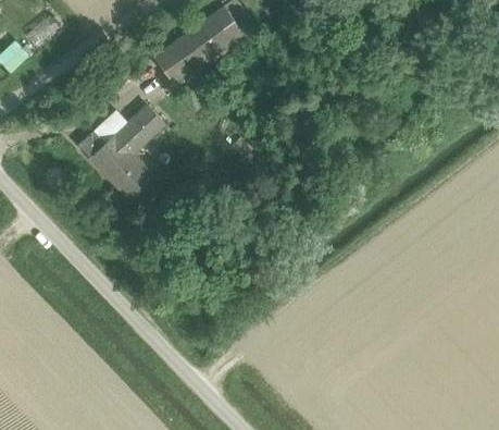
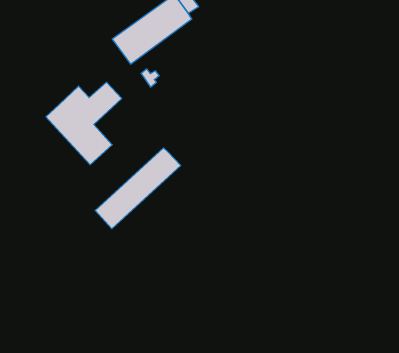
building: none -> [95,148,181,229]

